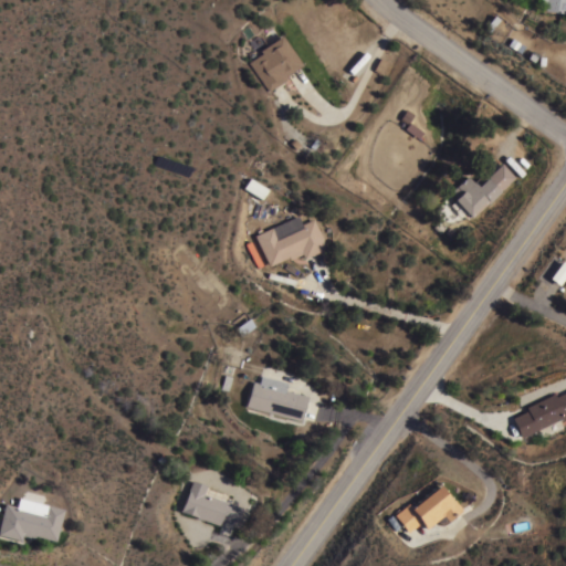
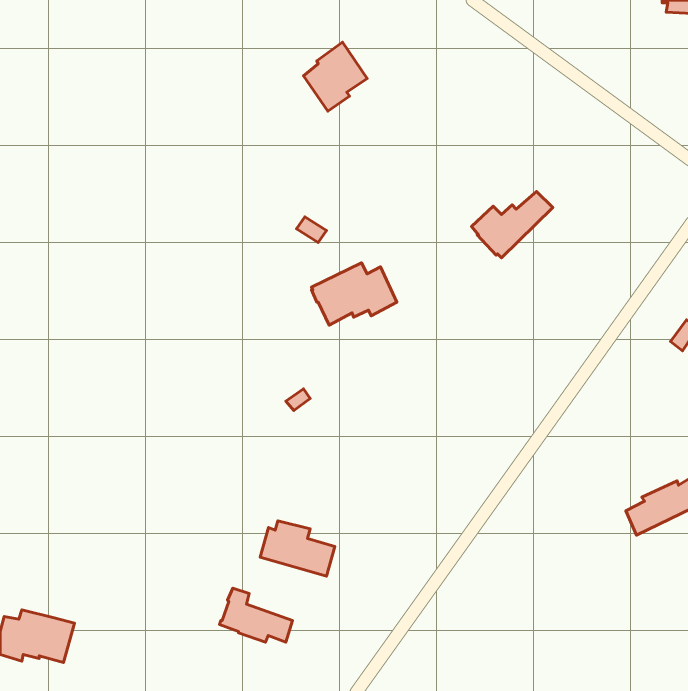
building: [451,164,517,218] -> [472,191,553,258]
building: [248,376,308,421] -> [260,521,335,576]
building: [390,483,463,533] -> none

